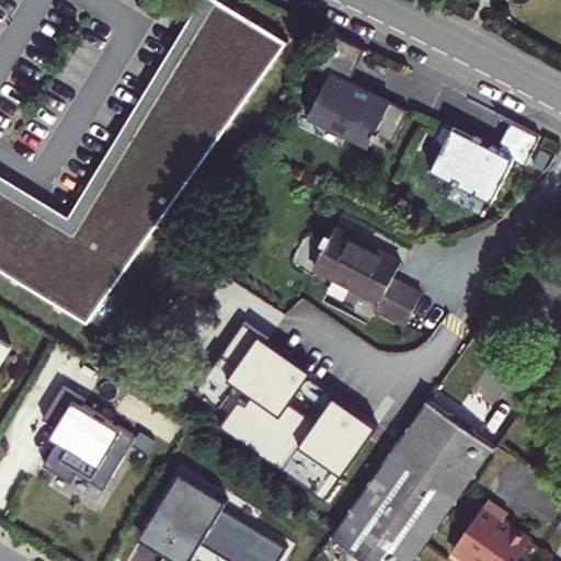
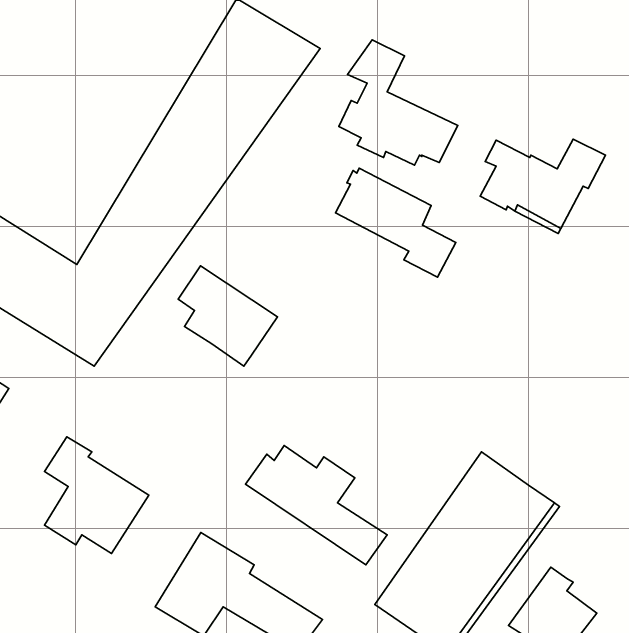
building: [311,227,417,323] -> [336,168,456,277]
building: [221,325,309,414] -> [178,266,277,366]
building: [298,396,374,473] -> none

